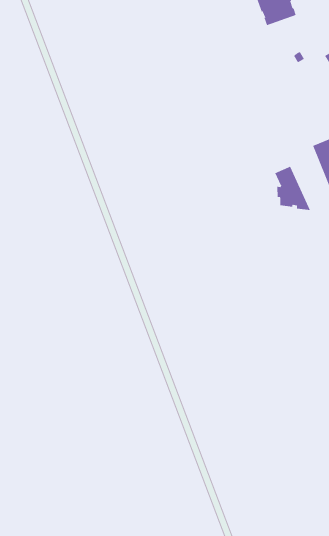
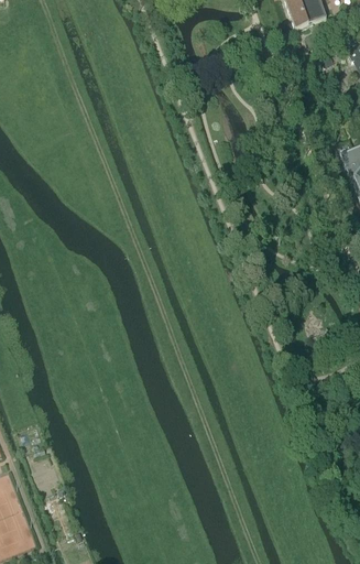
building: [275,165,311,211] -> none

